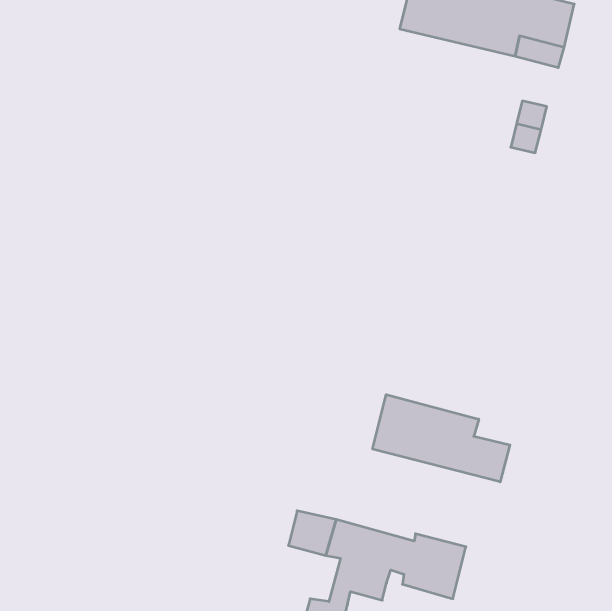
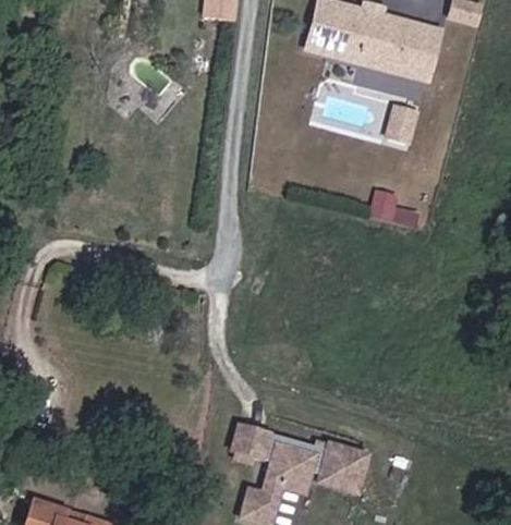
building: none -> [372,190,423,225]
building: [373,395,510,482] -> none

